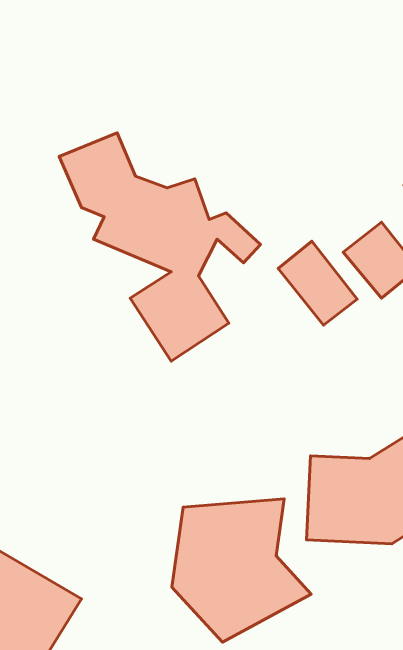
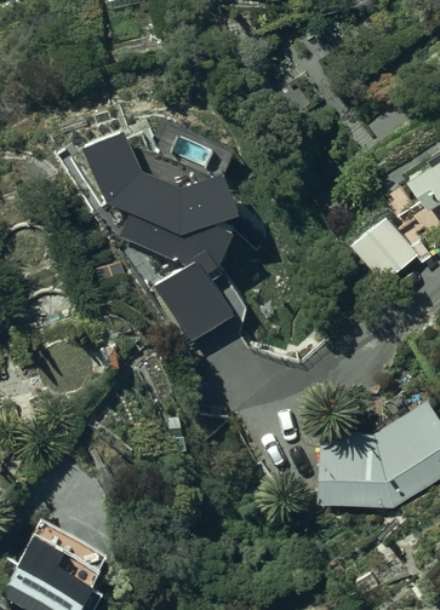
building: [278,241,357,325] -> none
building: [172,499,311,642] -> none

